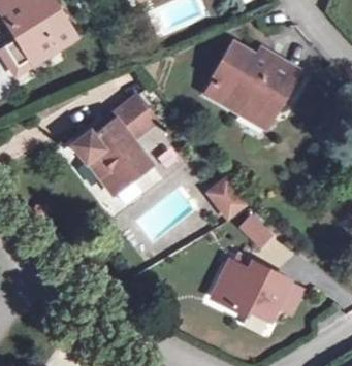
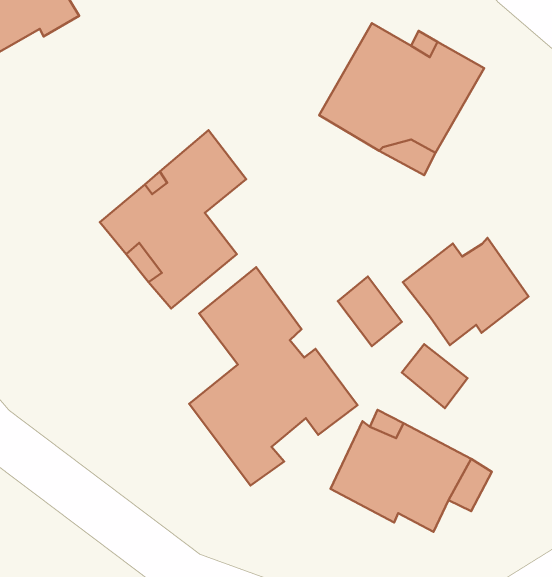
building: none -> [403,238,529,345]
building: none -> [189,267,358,486]

